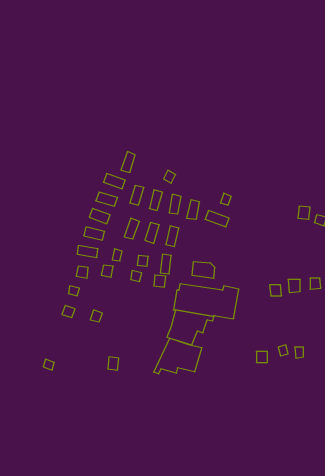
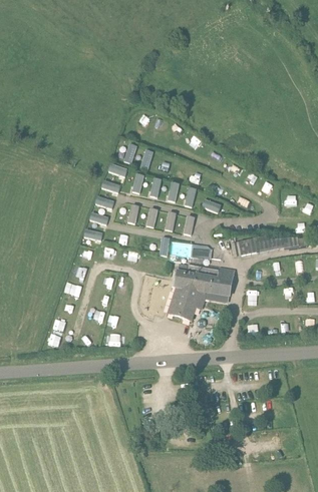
building: none -> [230,235,297,255]
building: [154,338,202,374] -> none

